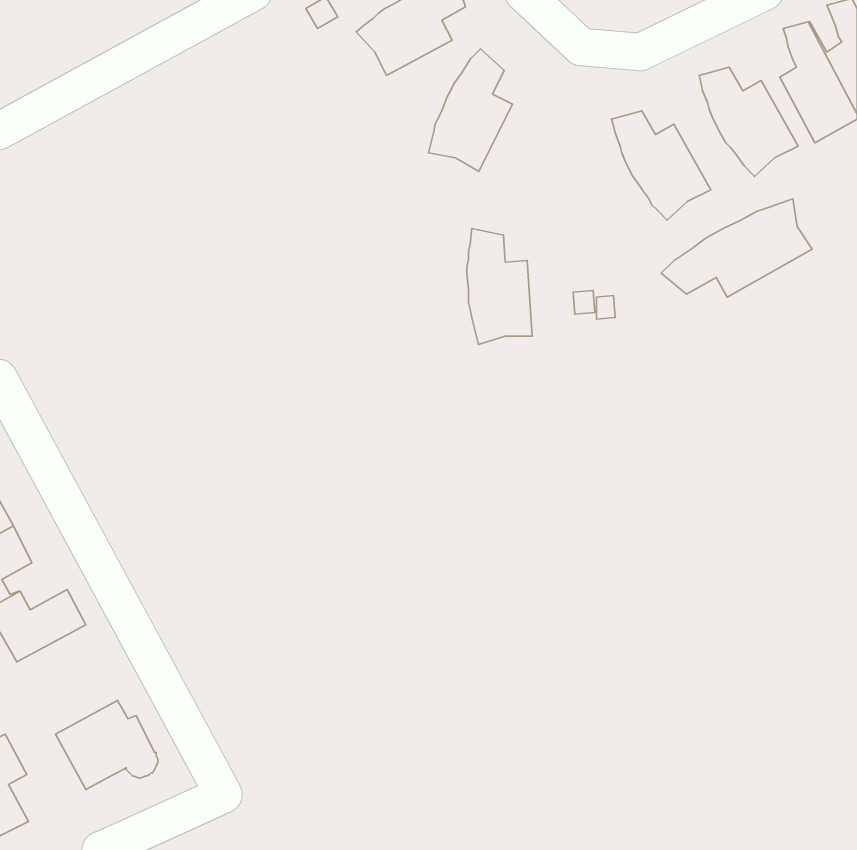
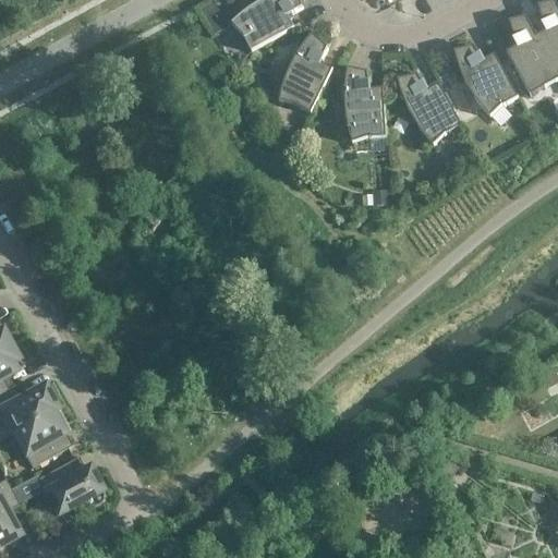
building: [661,199,812,297] -> none
building: [467,229,532,345] -> [343,65,386,141]
building: none -> [11,405,71,465]

